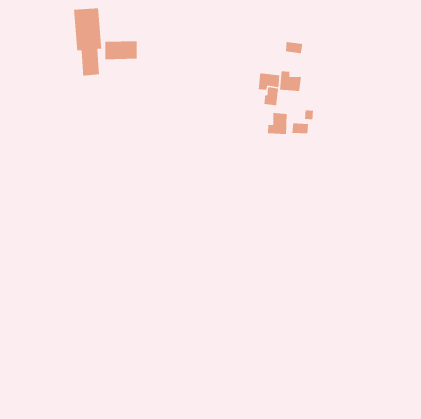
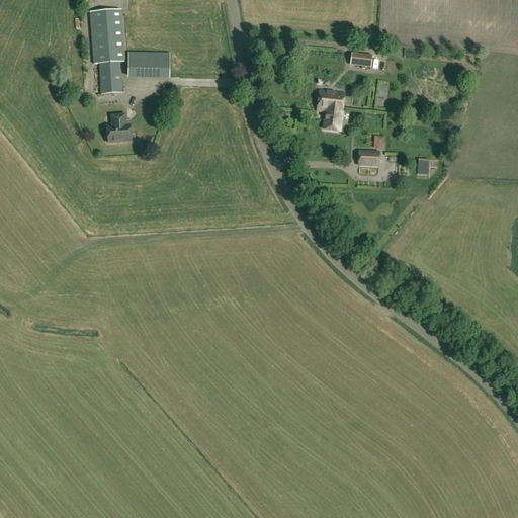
building: [279,70,302,92] -> none
building: none -> [107,114,132,142]
building: [267,112,287,135] -> none

